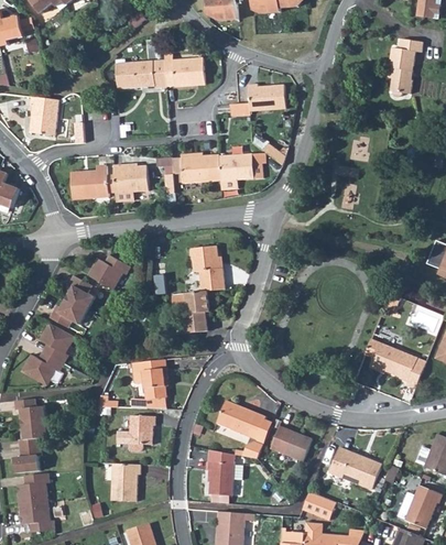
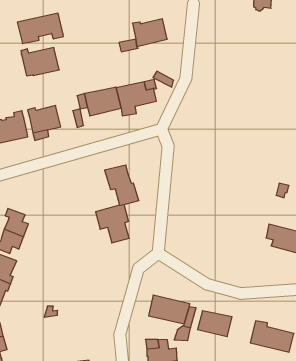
building: [164,54,205,86] -> [21,48,59,76]
building: [87,257,130,288] -> none
building: [132,359,167,408] -> none
building: [117,415,155,450] -> none

